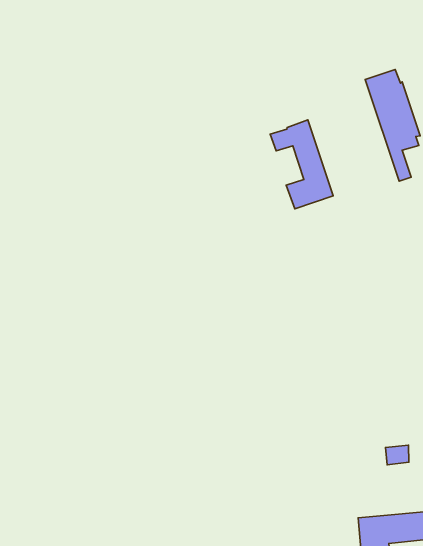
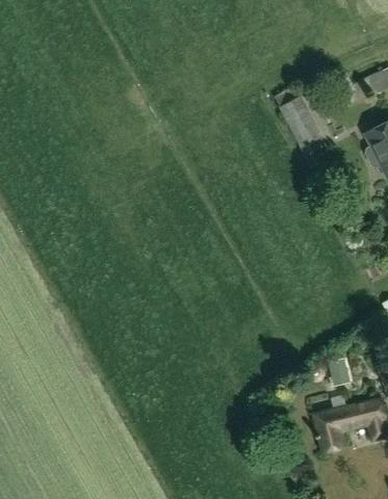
building: [270,120,333,209] -> none

